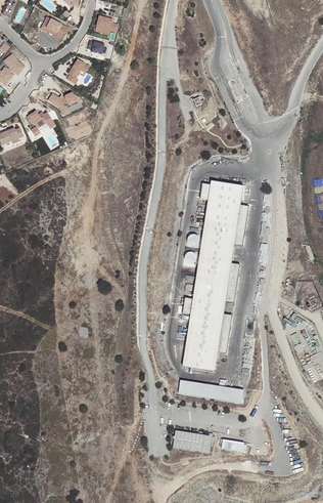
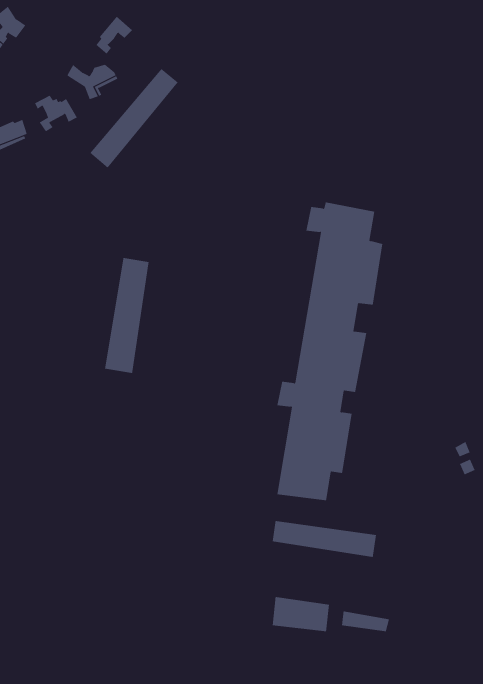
building: none -> [89,68,178,169]
building: none -> [104,257,149,374]

